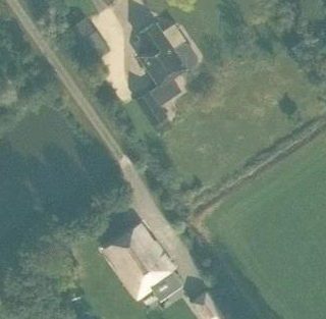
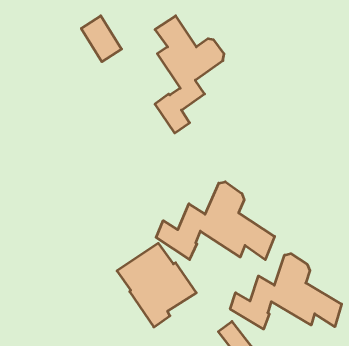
building: none -> [156,182,275,260]
building: none -> [230,254,342,329]

